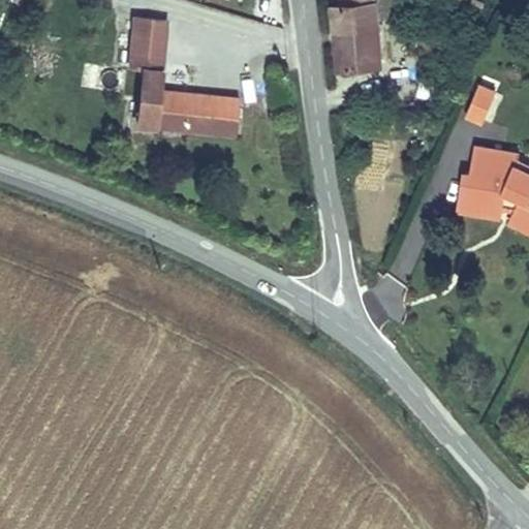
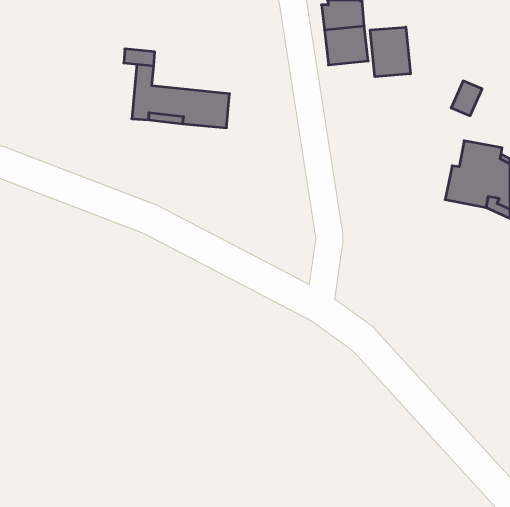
building: [129,19,164,57] -> none
building: none -> [370,27,410,77]

